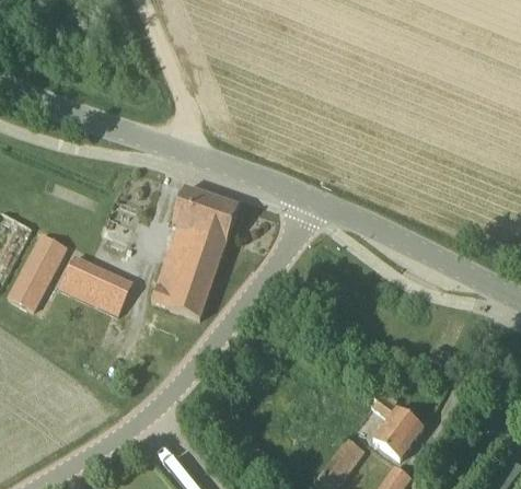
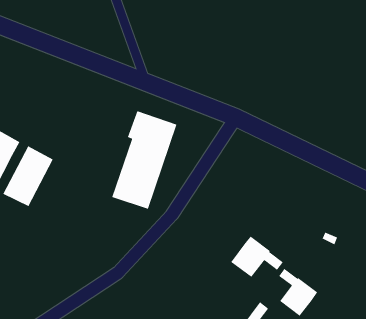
building: [80,266,132,307] -> none
building: none -> [230,236,284,278]

